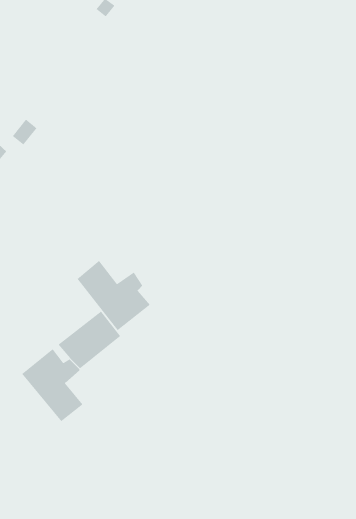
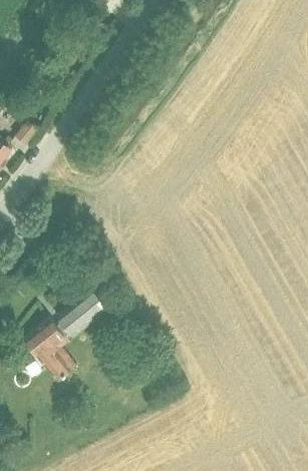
building: [76,260,151,331] -> none

